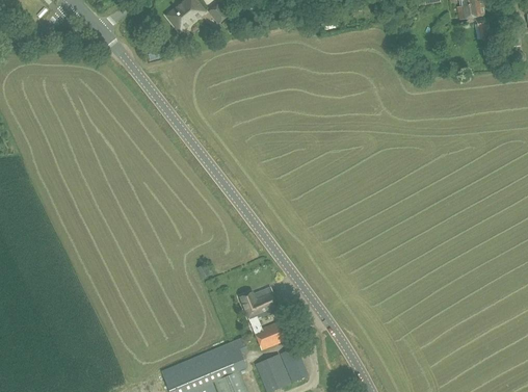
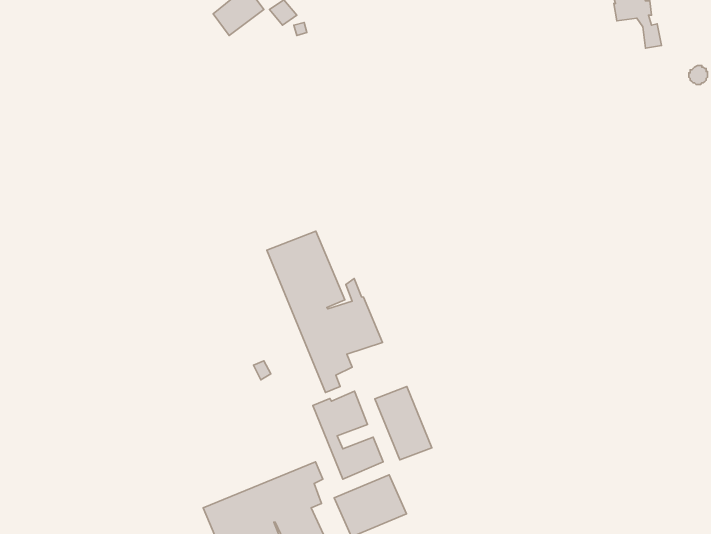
building: none -> [267,231,382,392]
building: none -> [375,387,432,460]

